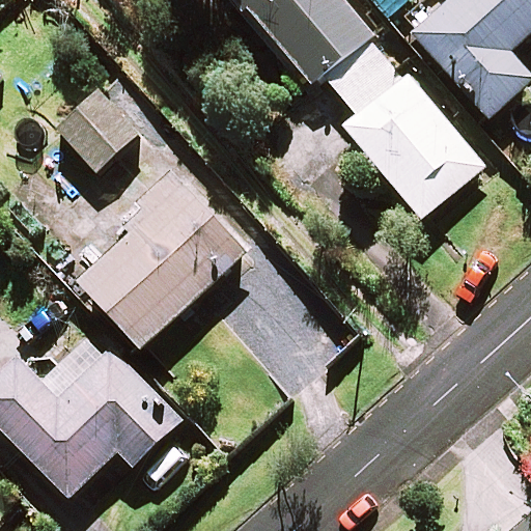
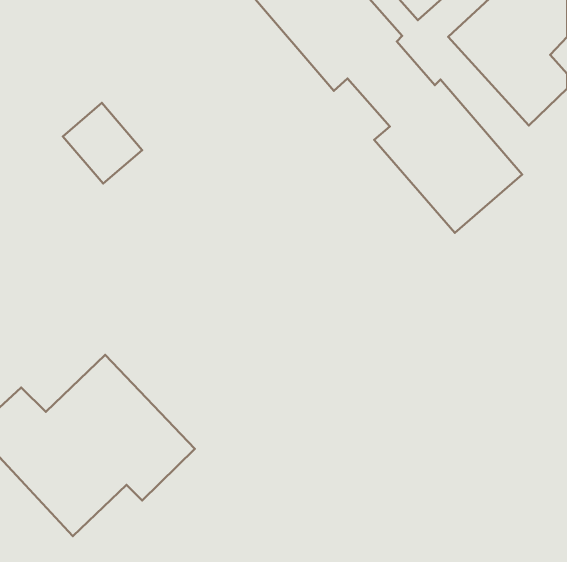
building: [67,173,245,351] -> none

